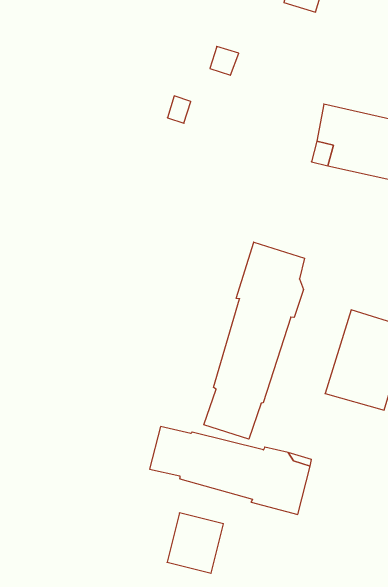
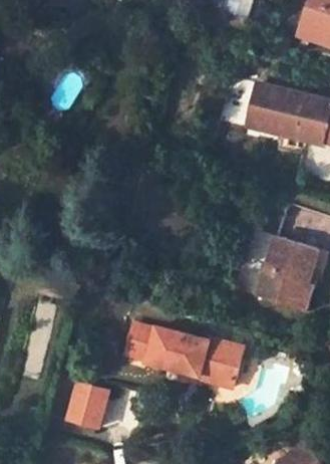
building: [204,242,304,439] -> none
building: [167,513,223,573] -> [68,382,109,426]

